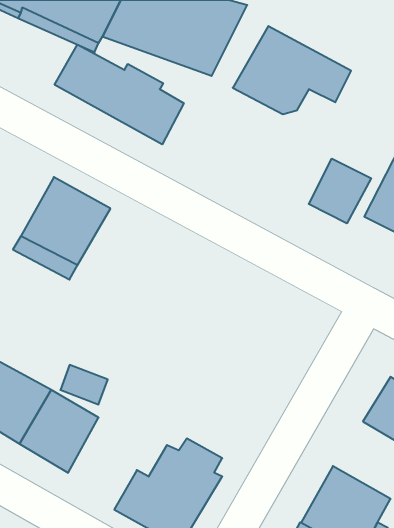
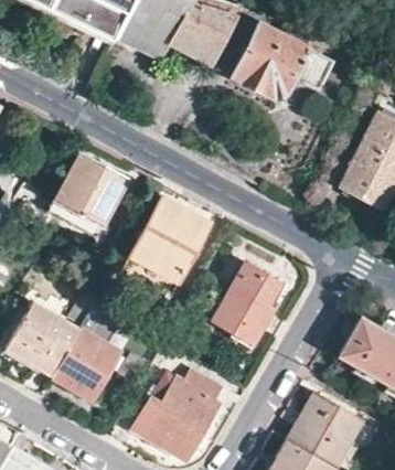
building: [55,45,184,144] -> none
building: [309,159,371,223] -> none
building: none -> [120,196,210,288]
building: none -> [211,263,287,346]

